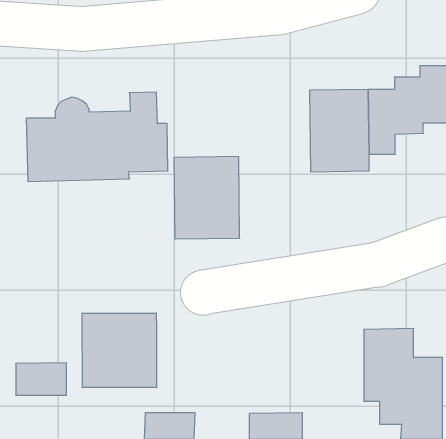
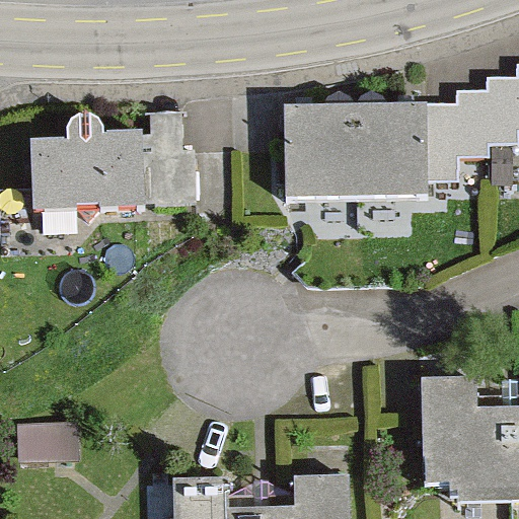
building: [174,157,240,239] -> [285,104,361,200]
building: [82,313,157,388] -> none

